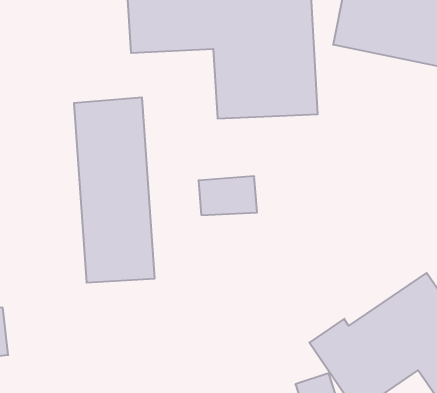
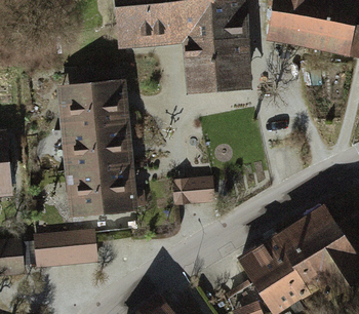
building: [198,176,257,215] -> [174,173,217,202]
building: none -> [35,227,101,267]

